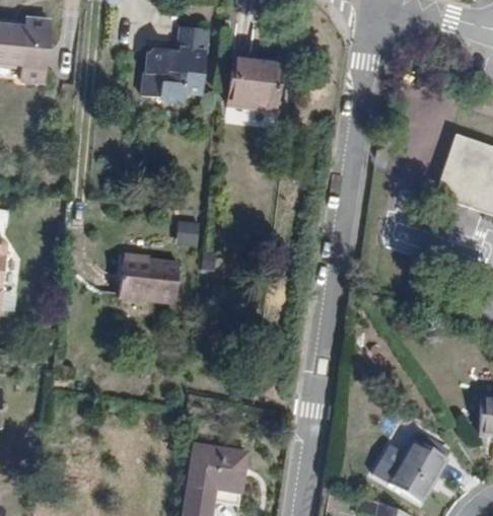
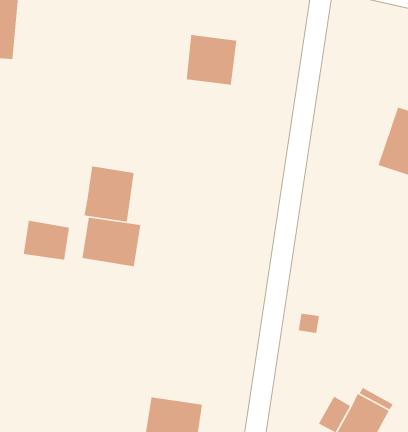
building: [141,26,210,105] -> none
building: none -> [83,166,135,222]
building: none -> [23,220,70,261]

